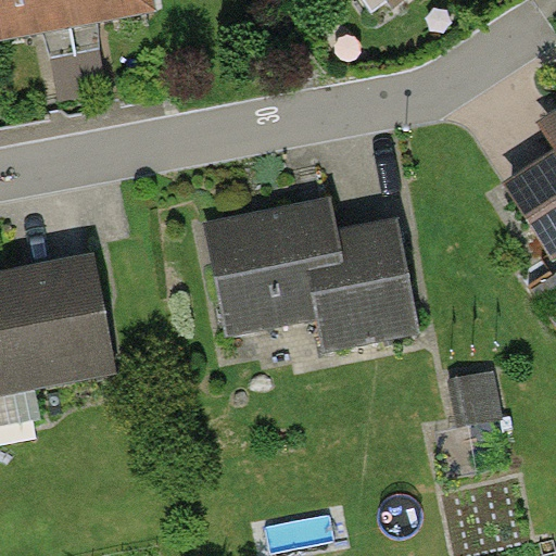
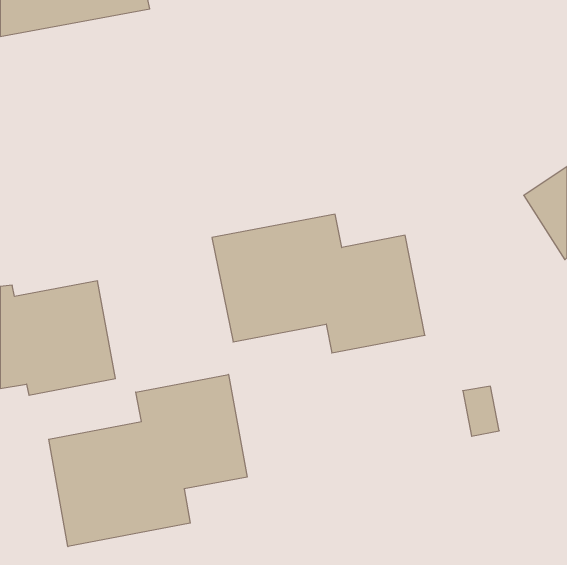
building: none -> [49,374,247,547]

